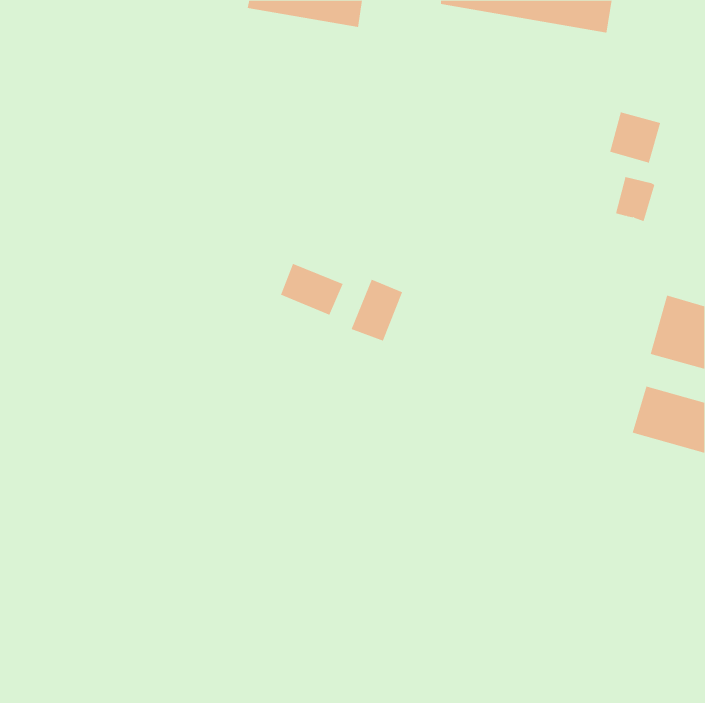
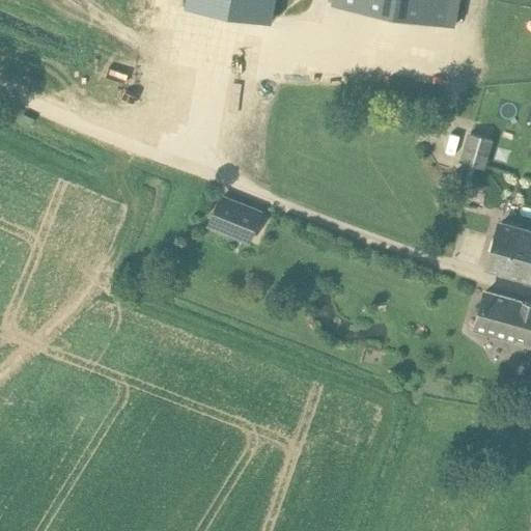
building: [609,112,661,164] -> none
building: [351,279,403,341] -> none

